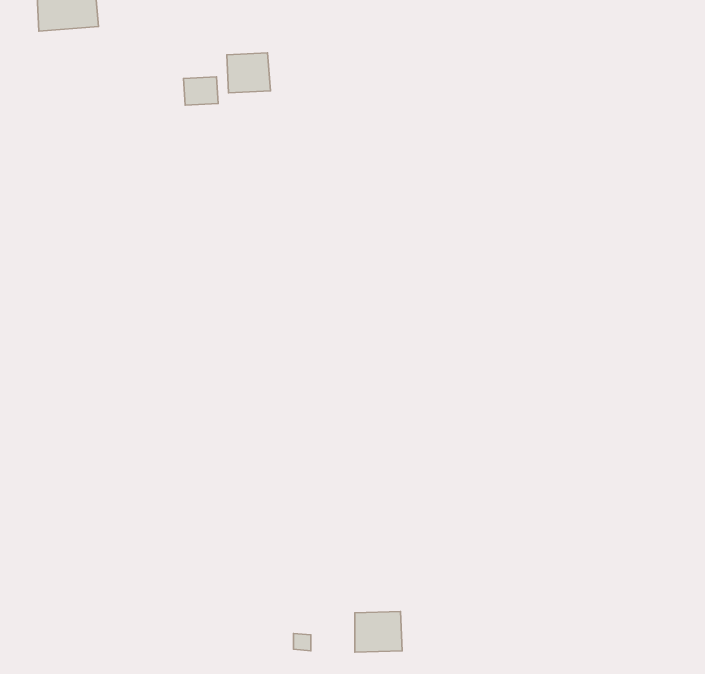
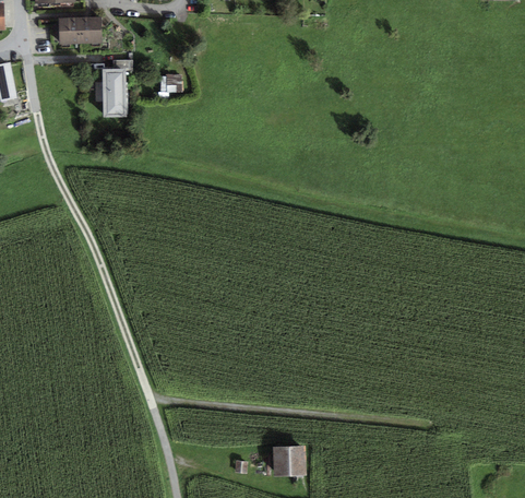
building: [227,53,270,93] -> none
building: none -> [102,70,121,114]

